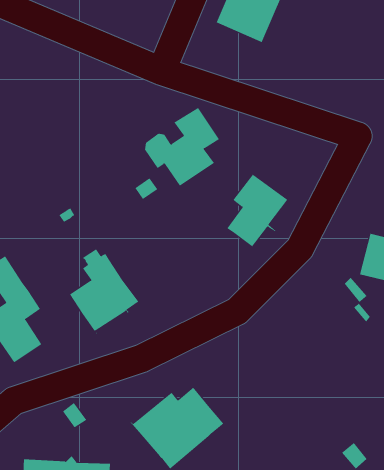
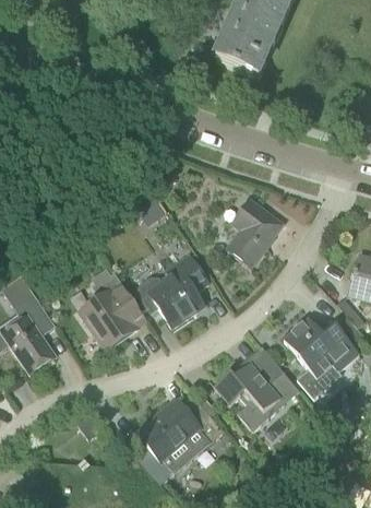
building: [144,107,220,186] -> [137,253,207,327]
building: none -> [282,318,358,394]
building: none -> [213,346,282,430]

